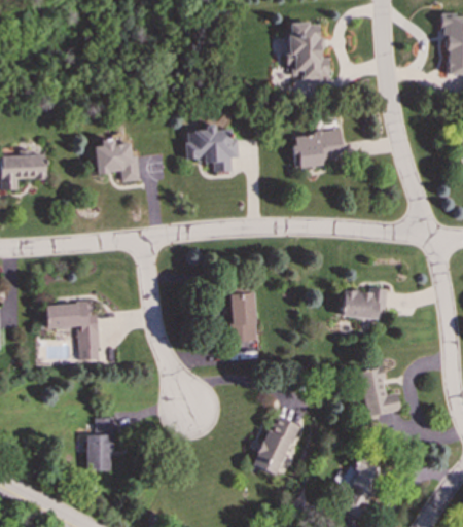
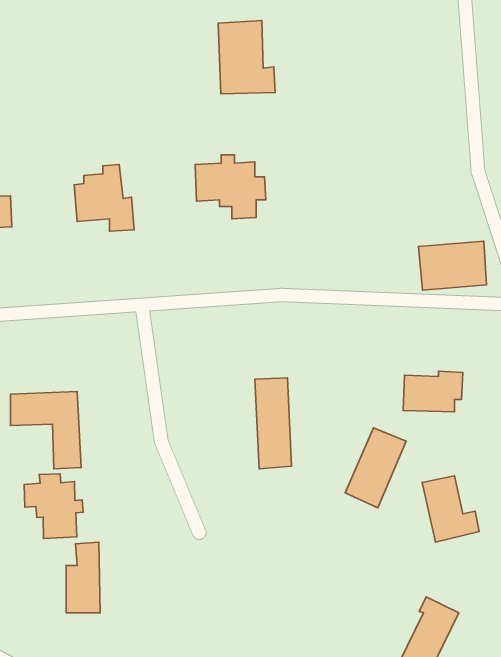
building: [287,22,330,77] -> [218,20,275,94]
building: [292,130,344,167] -> [419,241,487,290]
building: none -> [24,474,83,538]
building: [253,415,299,476] -> [345,428,406,508]

